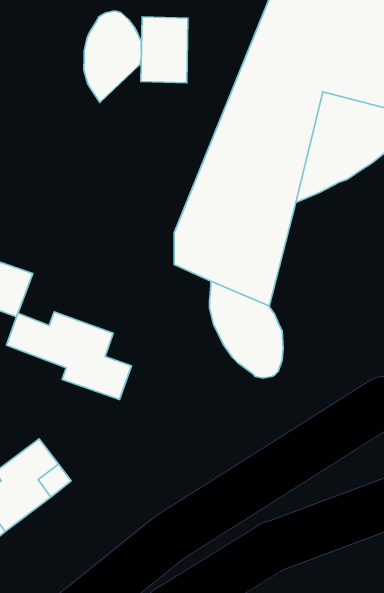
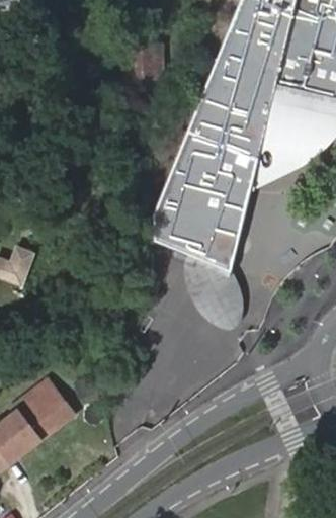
building: [84,11,141,103] -> none
building: [7,312,131,400] -> none

